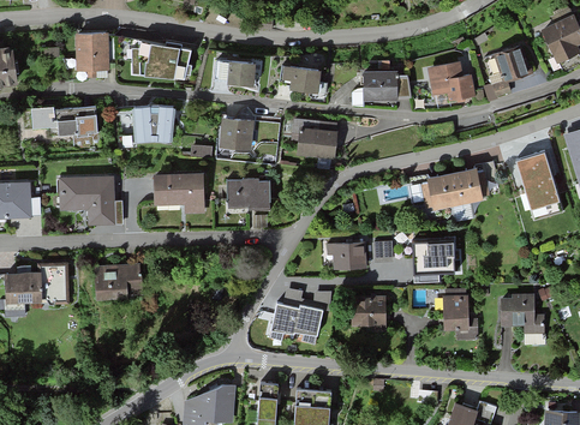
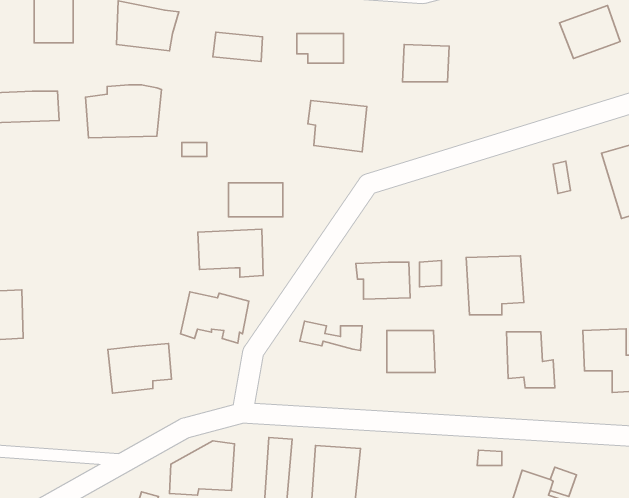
building: [426,61,479,102] -> none
building: [222,116,251,148] -> none
building: [423,170,483,210] -> none
building: [154,174,204,211] -> [198,229,263,277]
building: [59,178,116,223] -> none
building: [95,264,144,303] -> [108,343,172,393]
building: [271,303,324,342] -> [180,292,249,343]

